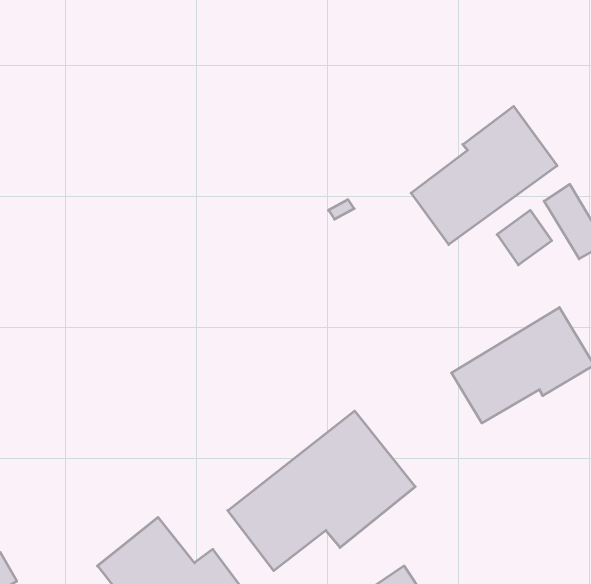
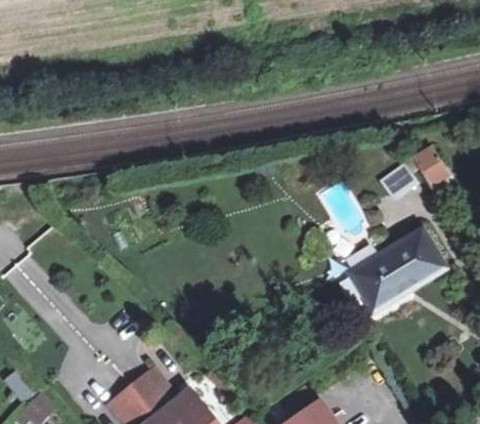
building: [411,106,557,245] -> none
building: [228,411,415,571] -> none

